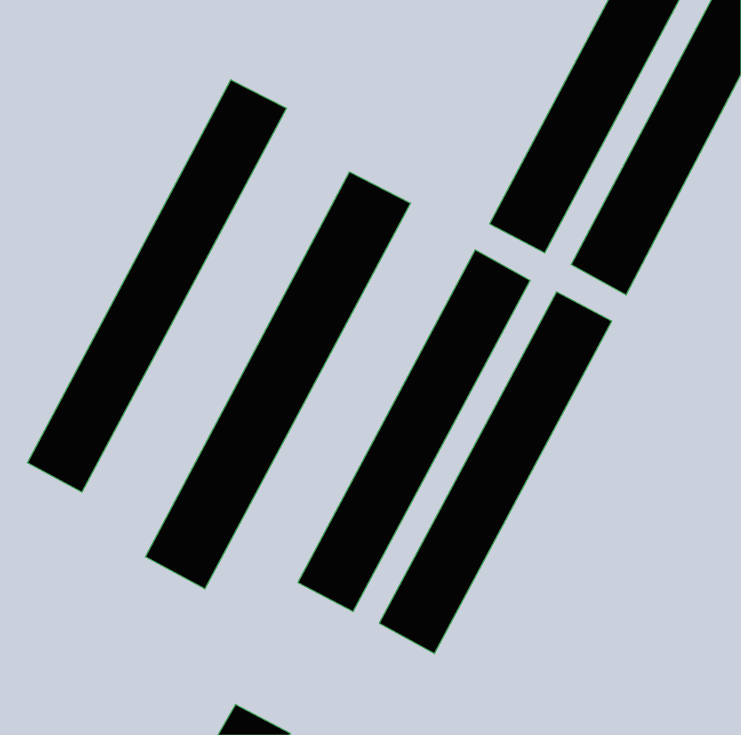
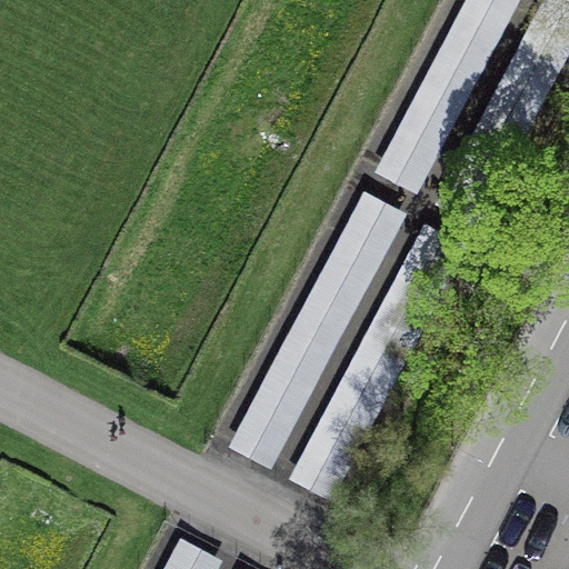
building: [28,80,286,492] -> none
building: [145,172,411,589] -> none

